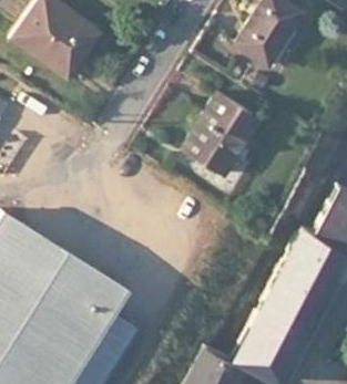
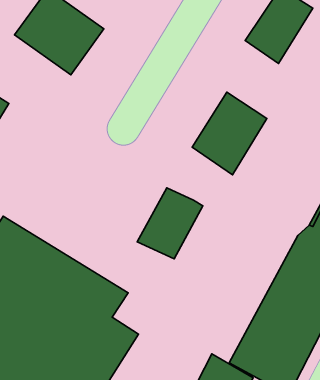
building: none -> [137,188,203,259]

